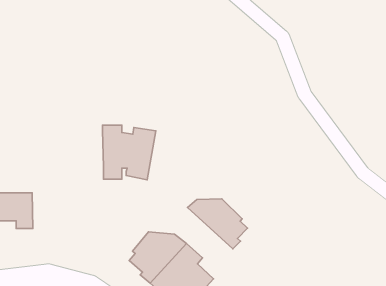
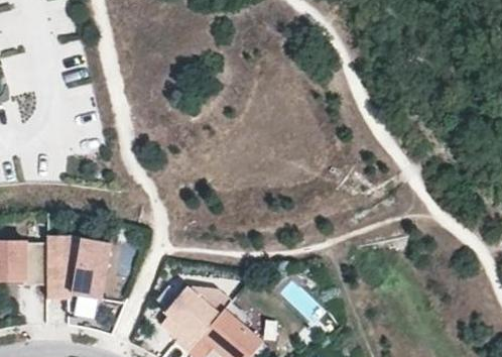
building: [103,125,156,180] -> [46,235,110,301]
building: [188,199,248,249] -> none

